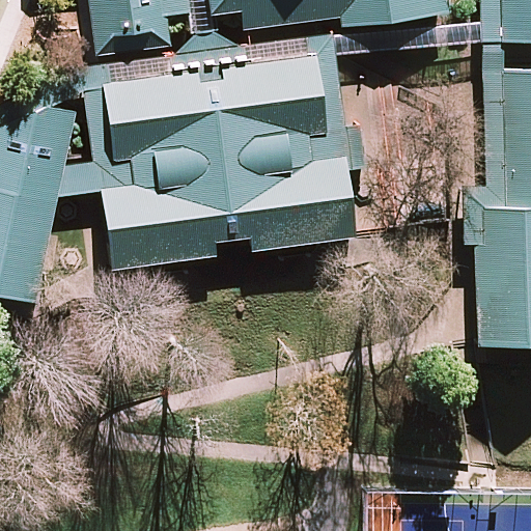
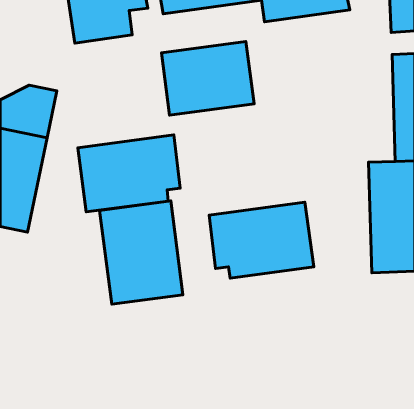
building: [101,67,218,161] -> none
building: [223,156,357,253] -> [209,202,314,278]
building: none -> [100,201,183,304]

